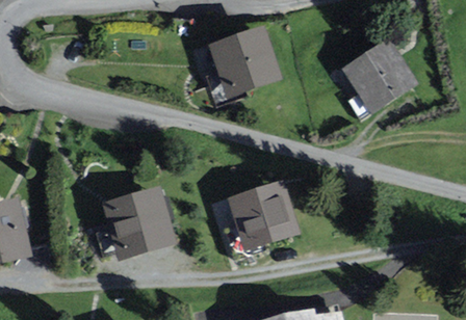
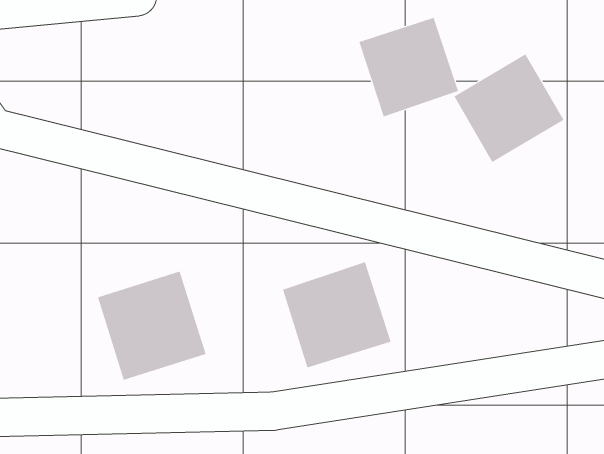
building: [211,27,279,95] -> [358,17,459,117]

